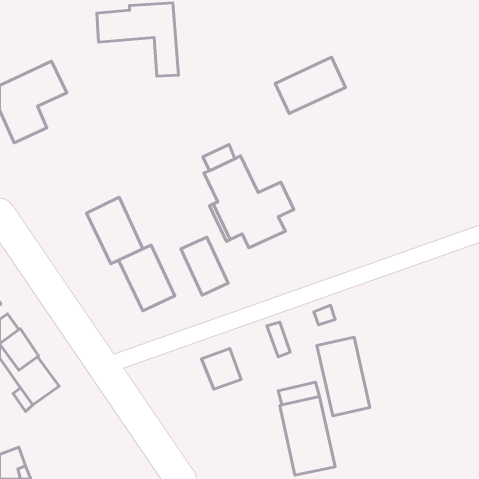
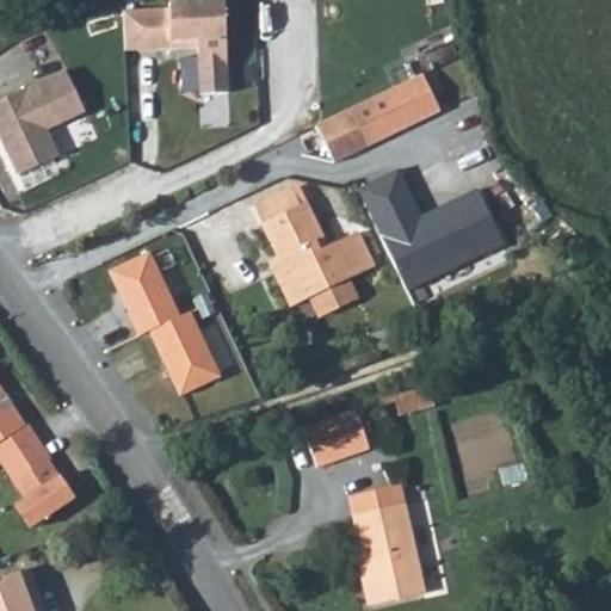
building: none -> [316,106,368,160]
building: none -> [357,169,504,291]
building: [181,237,228,295] -> none
building: [317,337,370,416] -> none
building: [202,349,241,389] -> [303,414,353,465]

